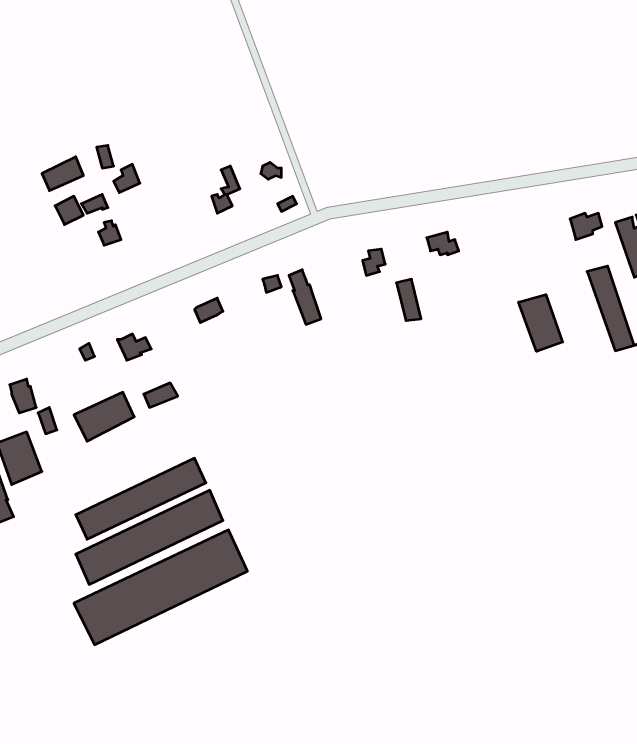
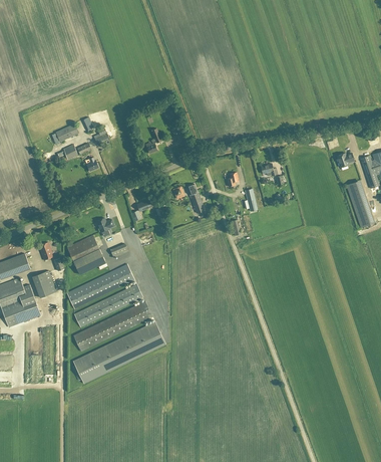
building: [519,295,563,351] -> none
building: none -> [66,235,98,260]
building: none -> [66,264,133,308]

